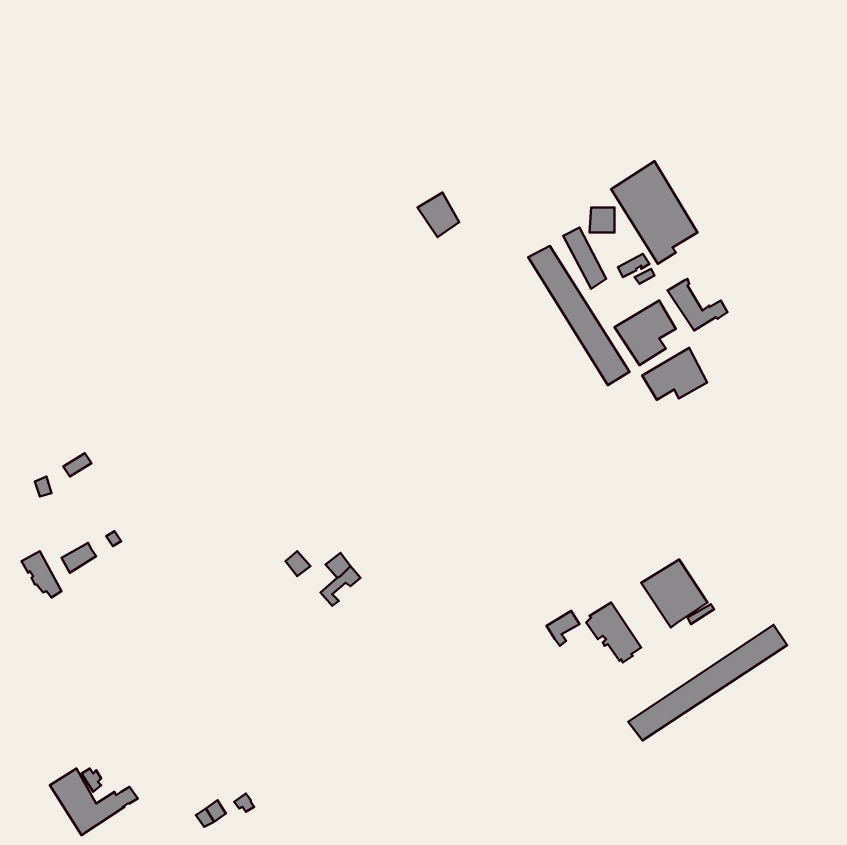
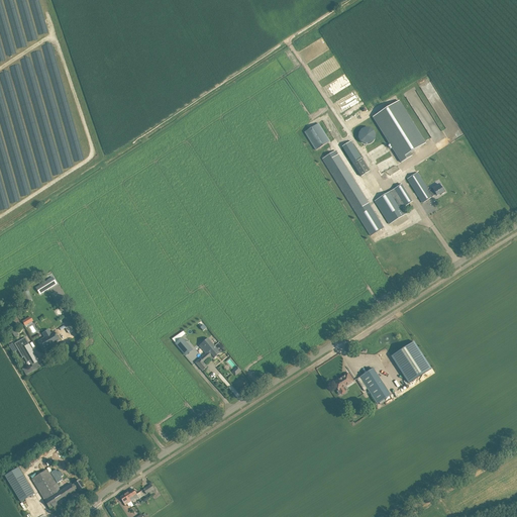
building: [418,192,459,237] -> [303,121,328,148]
building: [642,348,707,400] -> none
building: [628,625,787,740] -> none
building: none -> [4,466,33,500]

